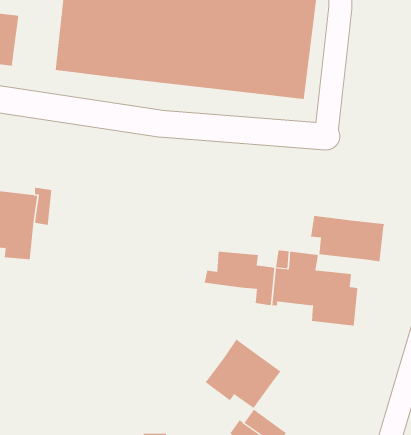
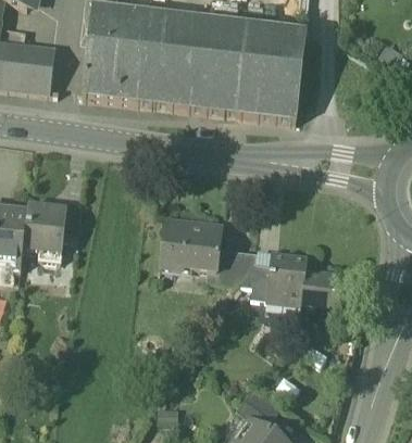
building: none -> [162,217,224,267]
building: [311,215,385,262] -> none
building: [205,338,281,409] -> none

